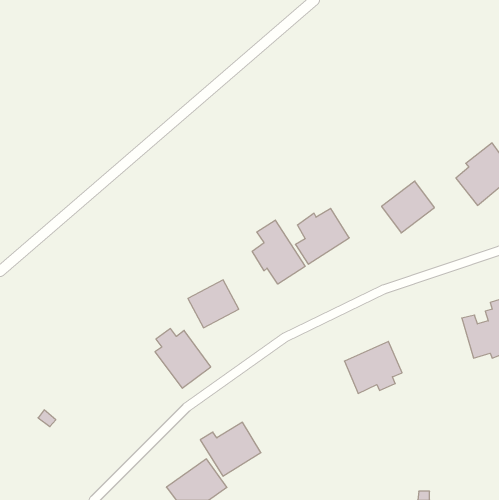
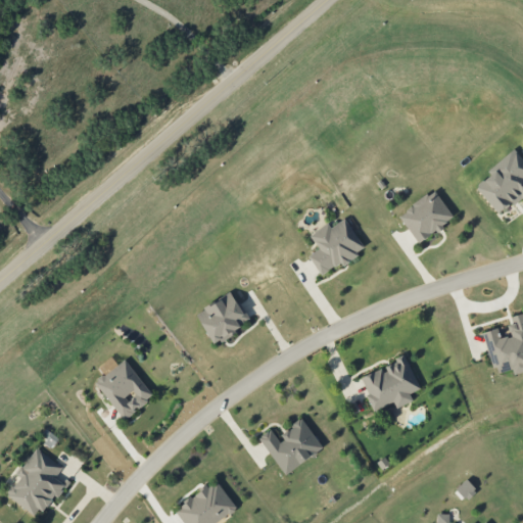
building: [252,220,305,284] -> none
building: [155,329,211,388] -> [96,356,154,419]
building: [200,422,261,476] -> [260,418,324,474]
building: none -> [7,447,64,518]

